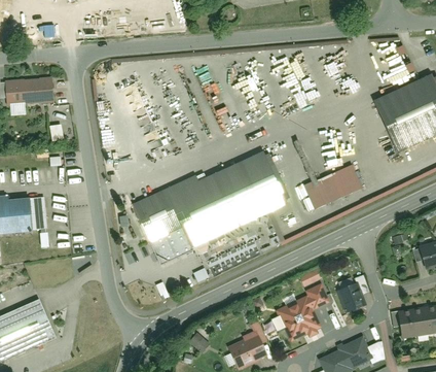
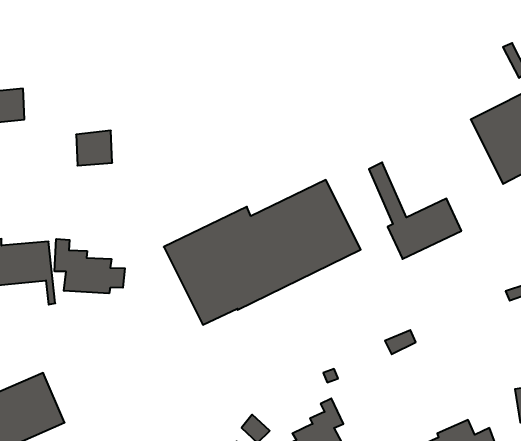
building: [24,77,51,104] -> [76,131,112,166]
building: none -> [55,239,125,293]
building: [339,272,372,310] -> none
building: [280,280,333,338] -> none

